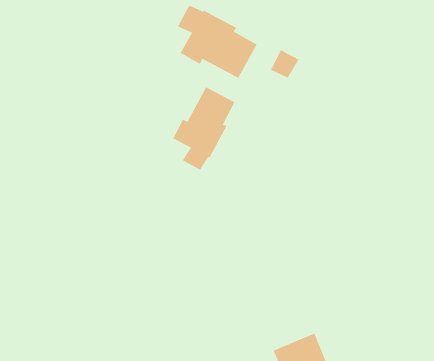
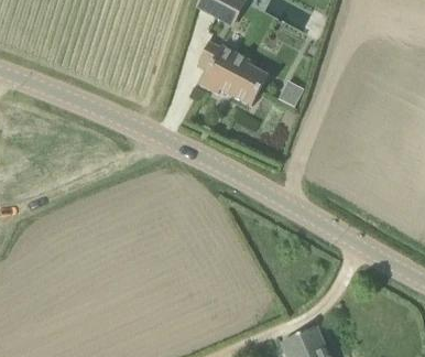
building: [172,87,235,171] -> none

